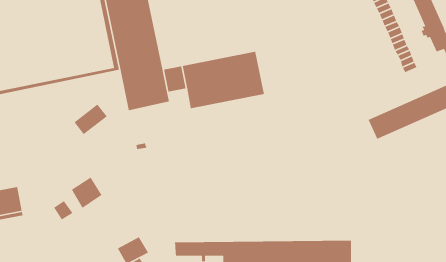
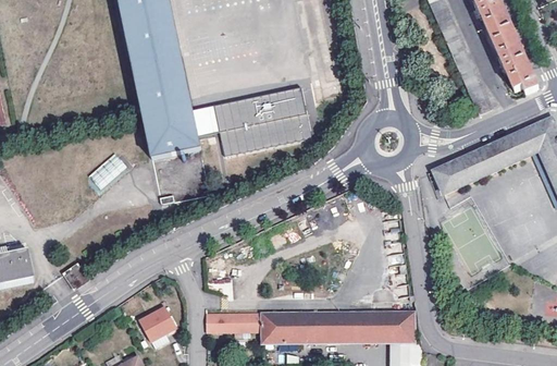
building: [71,177,103,209] -> none

